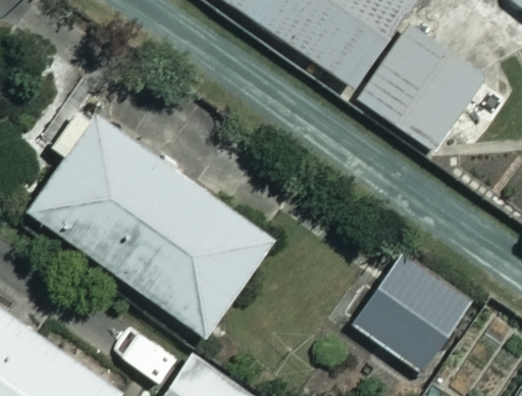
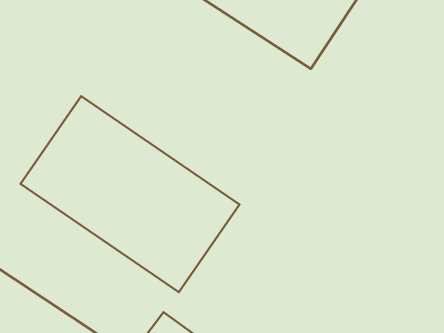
building: [355,12,490,152] -> none
building: [346,254,467,376] -> none

